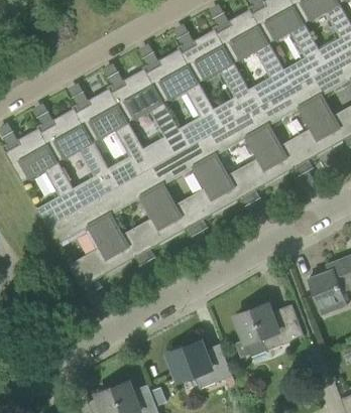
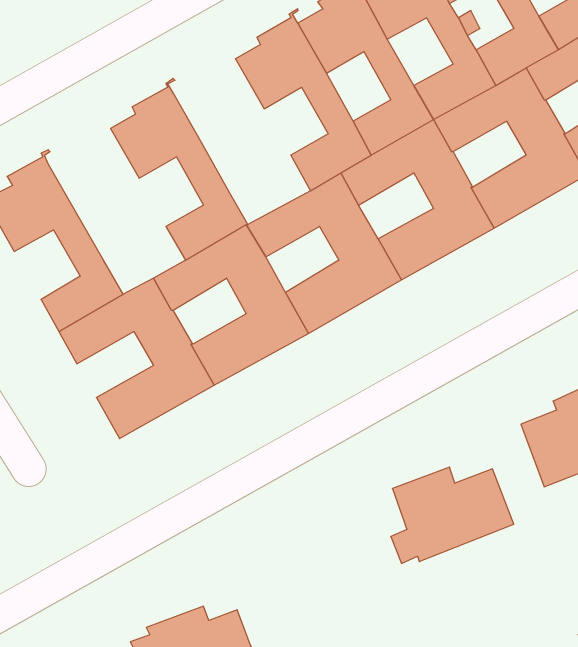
building: [112,64,190,166] -> none
building: [41,104,119,205] -> none
building: [168,341,232,388] -> none

